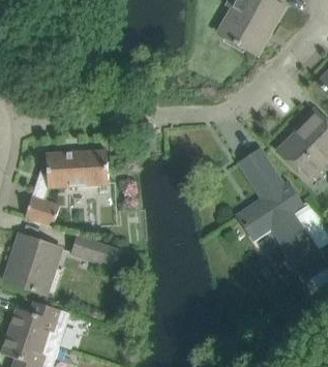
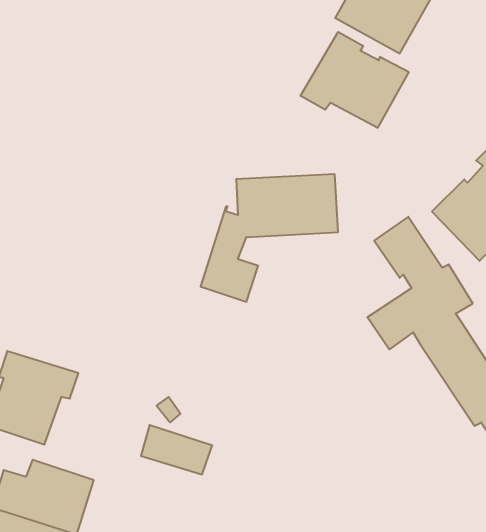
building: none -> [301,32,409,128]
building: [24,149,108,226] -> [200,174,338,302]
building: [72,235,116,265] -> [141,425,212,474]

